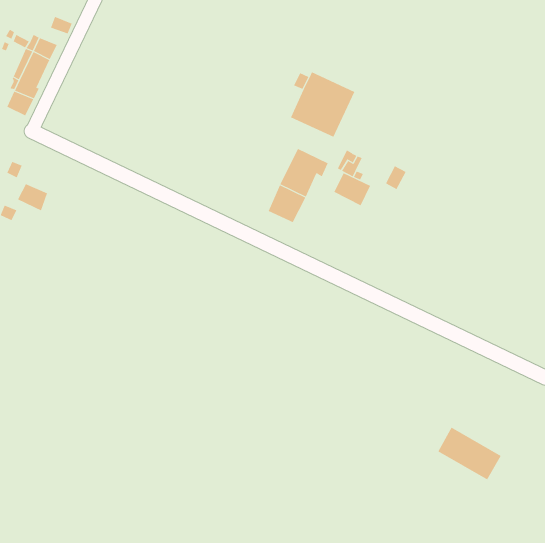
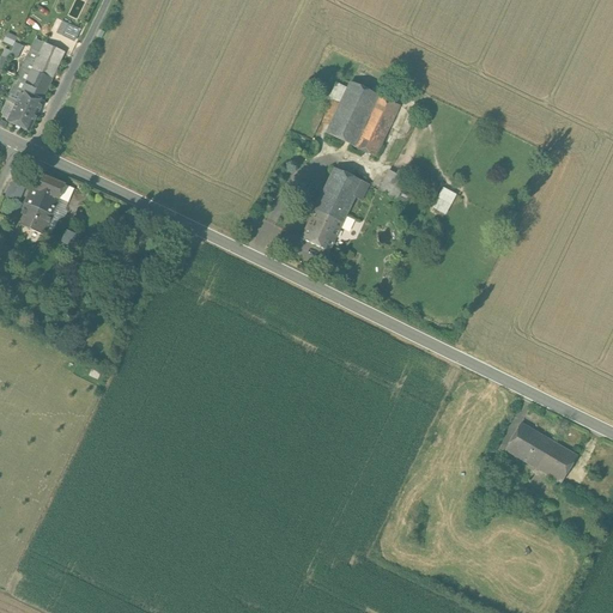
building: none -> [29,172,67,217]
building: [334,173,371,206] -> none
building: [437,427,501,480] -> [505,421,577,481]

